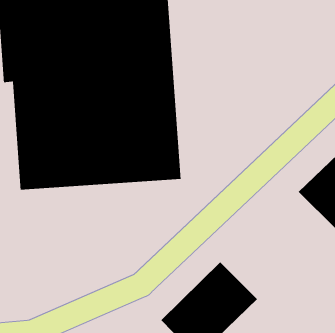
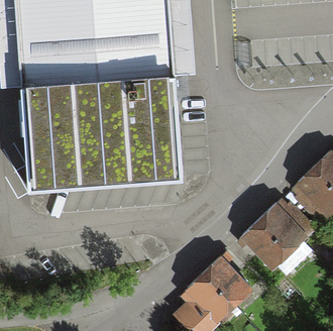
building: none -> [238,202,311,273]

